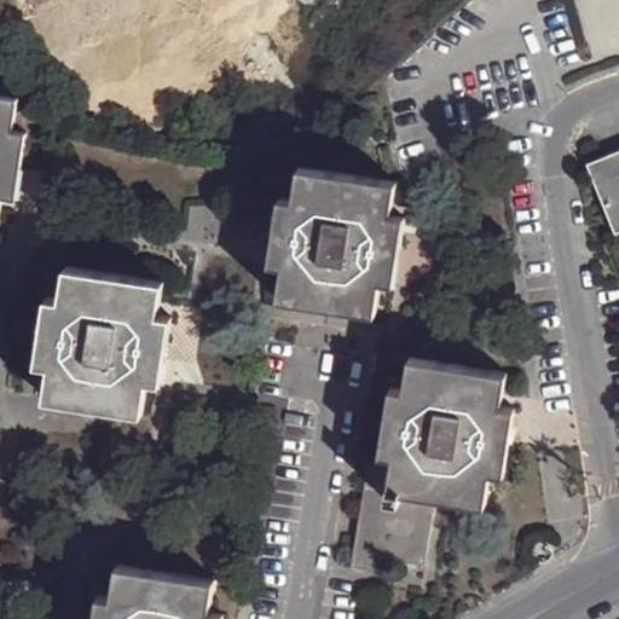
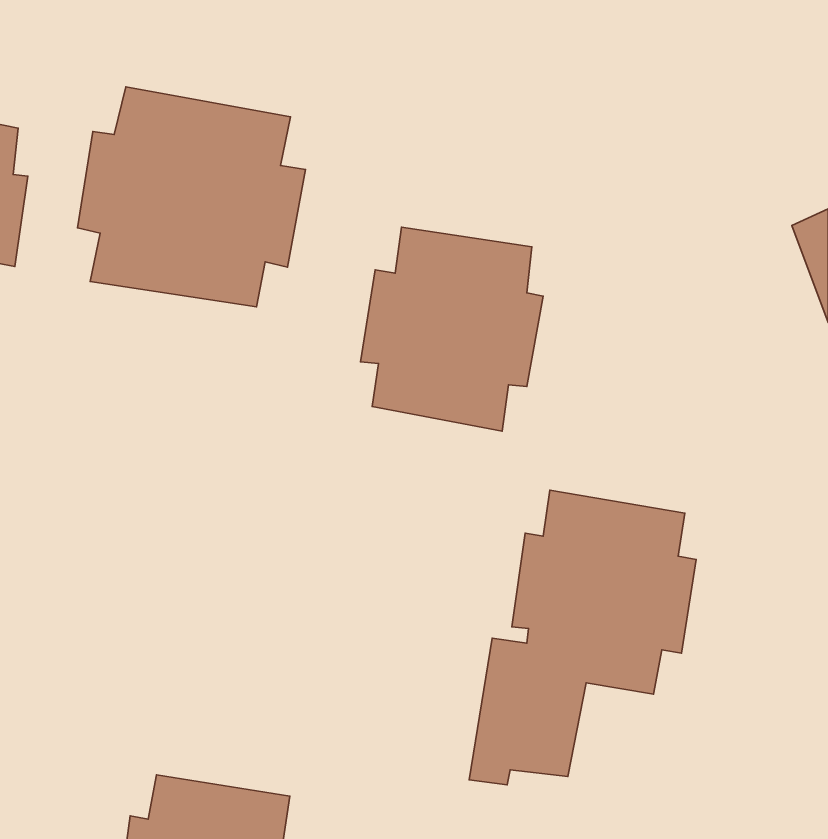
building: none -> [78,87,305,307]
building: [34,267,168,417] -> none

